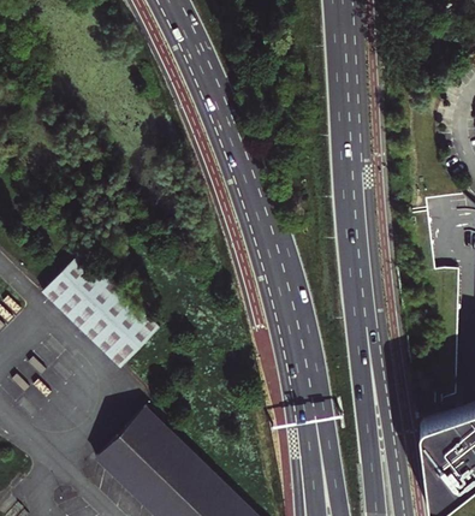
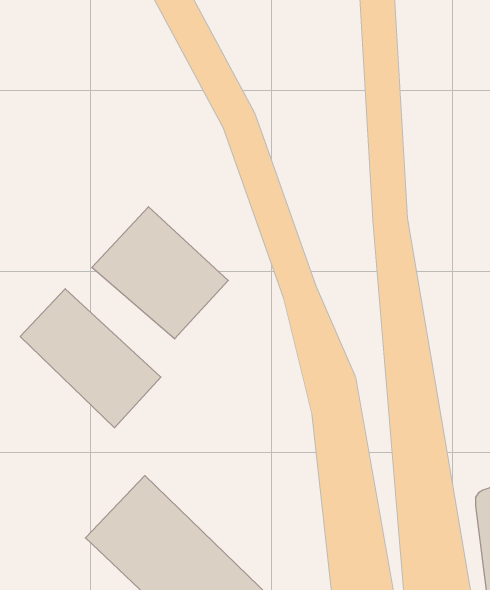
building: none -> [92,207,228,339]

